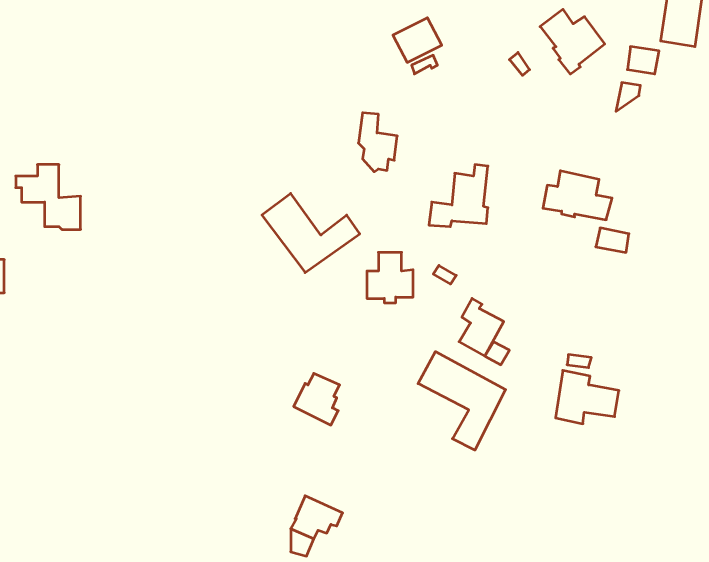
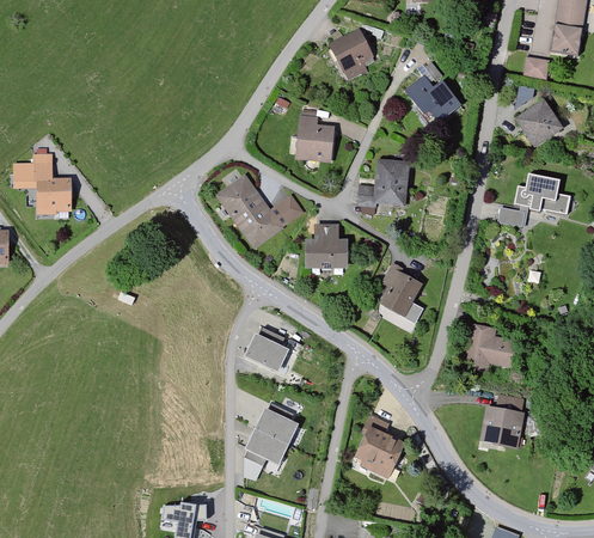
building: [540,9,605,74] -> [406,75,460,129]
building: none -> [518,103,562,145]
building: [543,171,612,220] -> [514,173,571,214]
building: [418,352,506,450] -> none
building: none -> [485,396,522,446]
building: none -> [256,403,294,444]
building: none -> [357,416,402,473]

